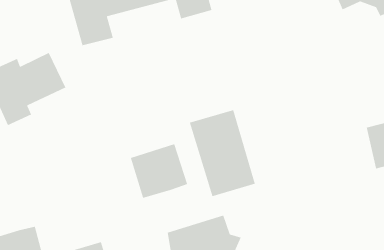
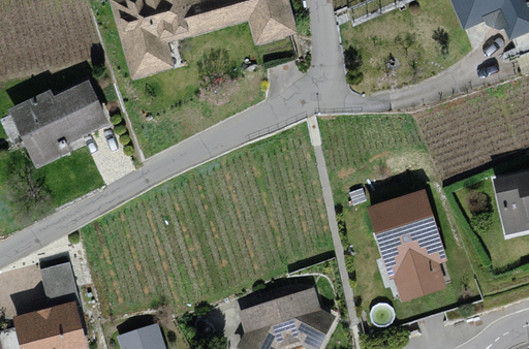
building: [189,109,256,197] -> [369,191,454,303]
building: [130,143,188,199] -> none
building: none -> [41,263,77,309]

